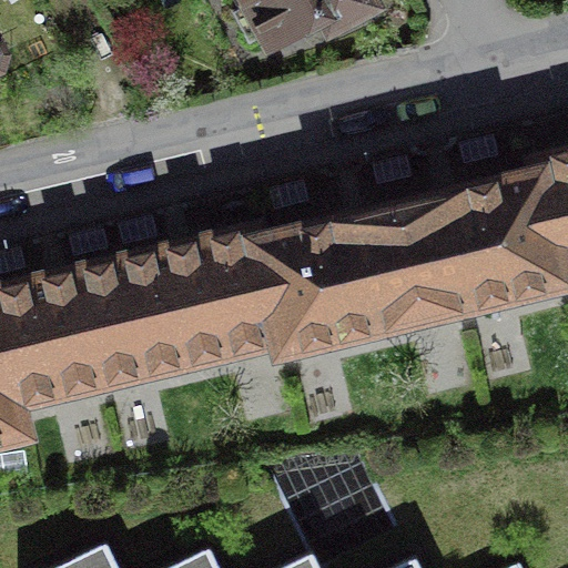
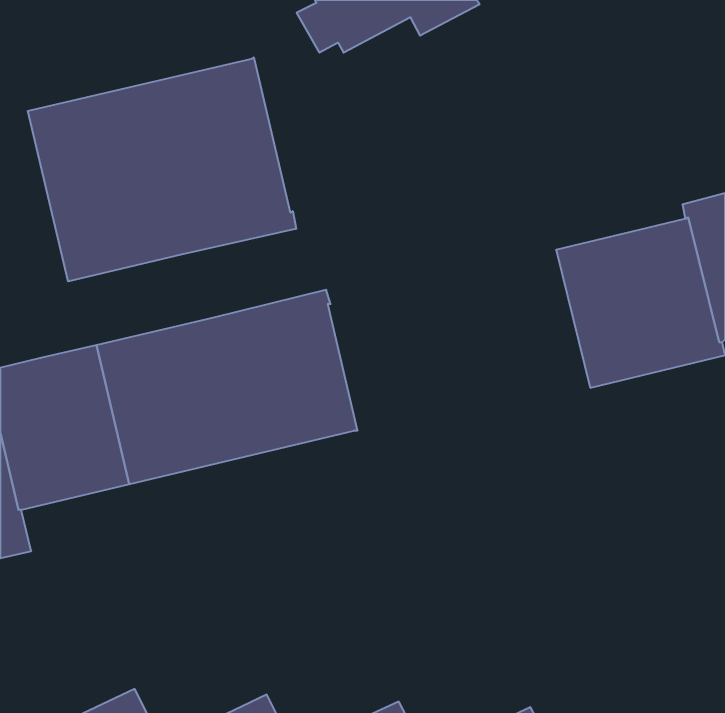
building: none -> [28,57,296,281]
building: [256,205,462,357] -> none

